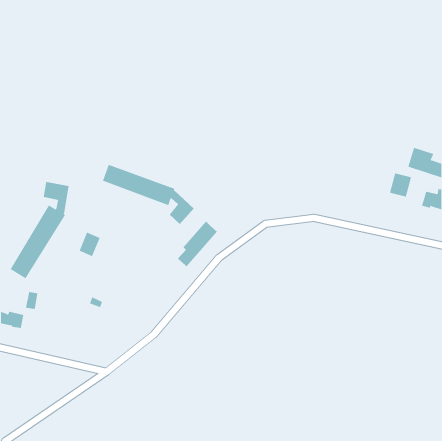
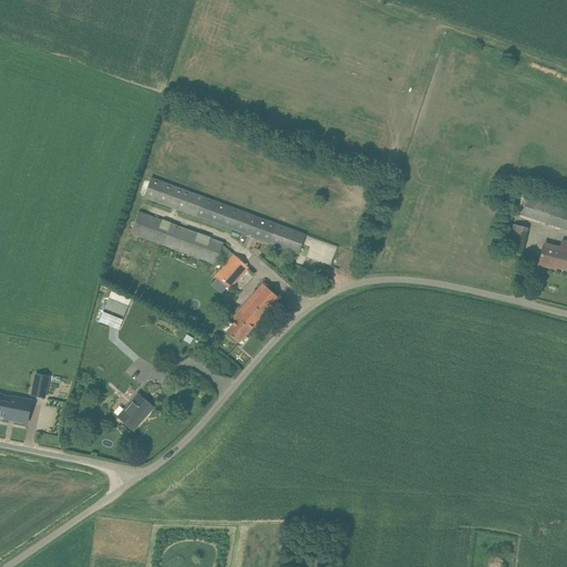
building: none -> [144,176,306,252]
building: [10,181,69,279] -> none
building: none -> [118,393,154,430]

